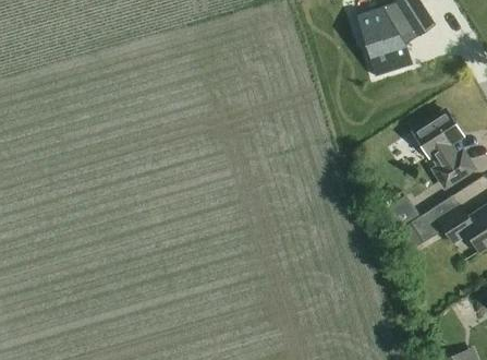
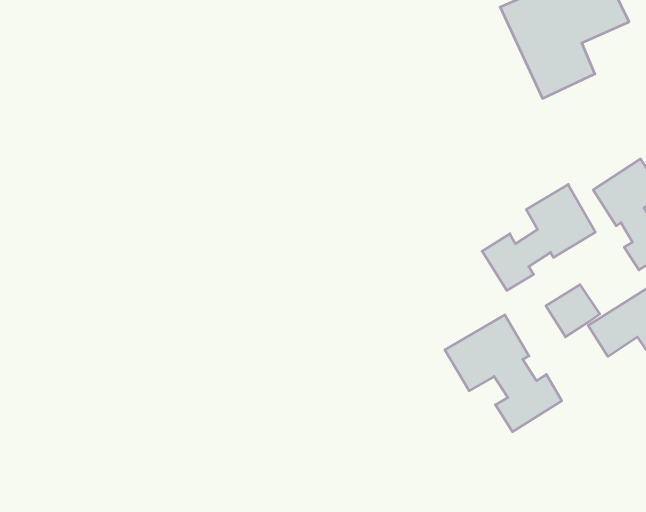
building: none -> [482,184,595,290]
building: none -> [445,315,562,432]

